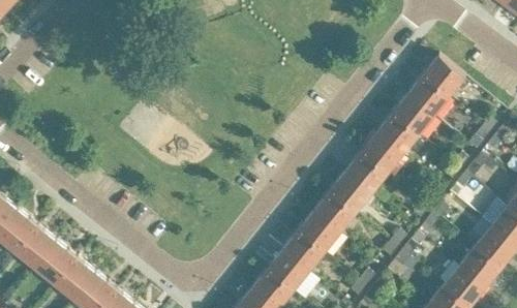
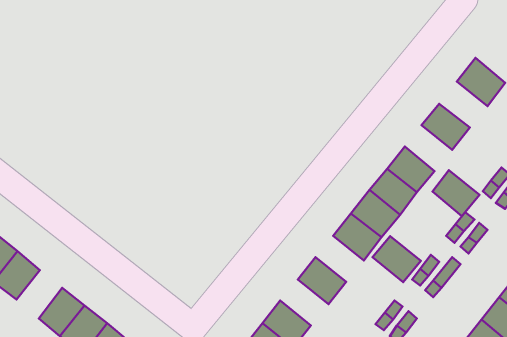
building: [405,76,448,117] -> none
building: [375,115,417,155] -> [432,170,480,216]
building: [297,212,339,252] -> [372,236,421,282]
building: [34,242,74,284] -> none
building: [266,250,308,290] -> none

